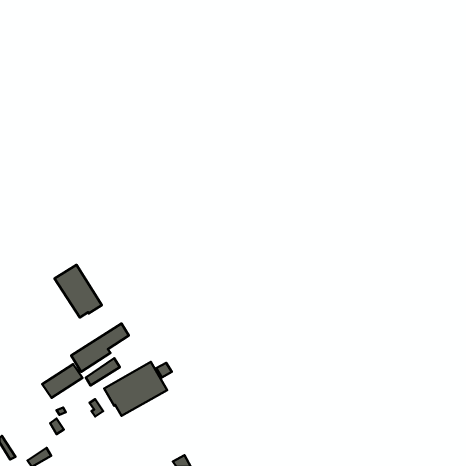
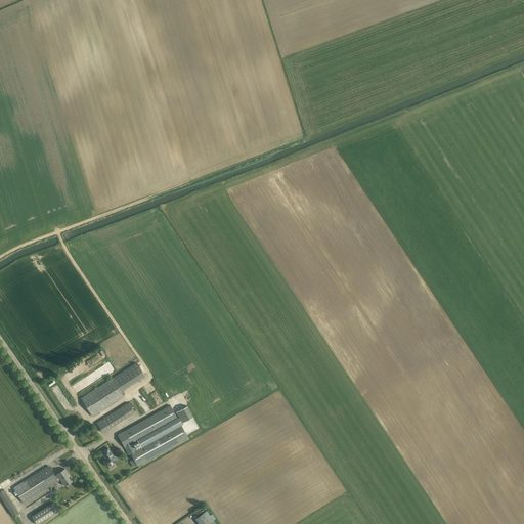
building: [55,265,102,318] -> none
building: [42,364,82,398] -> [12,466,57,504]

